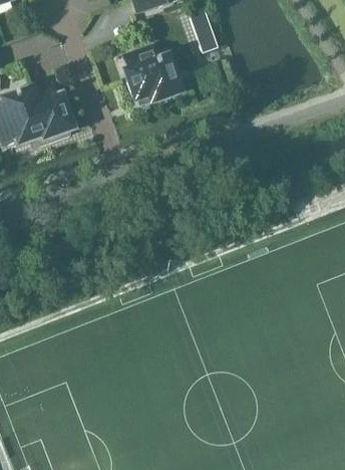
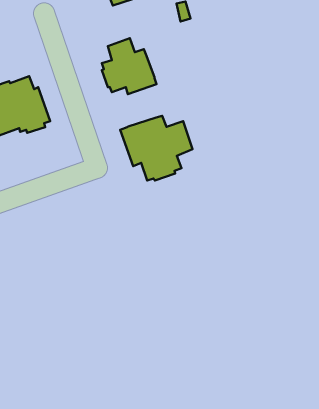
building: none -> [120,116,193,181]

